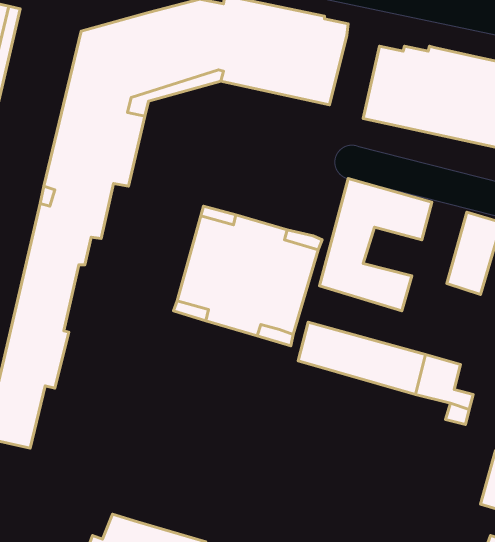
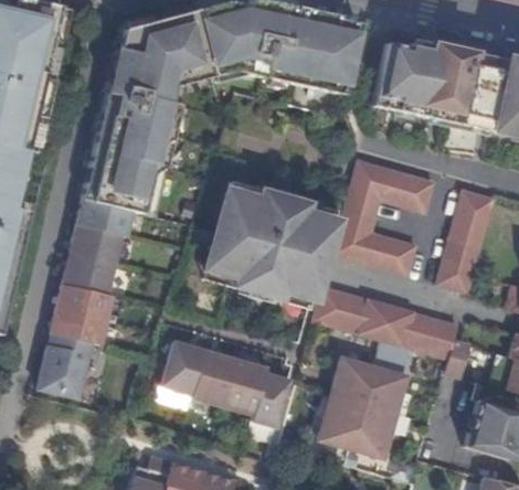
building: none -> [435,252,475,292]
building: none -> [159,341,287,427]
building: none -> [318,356,404,455]

